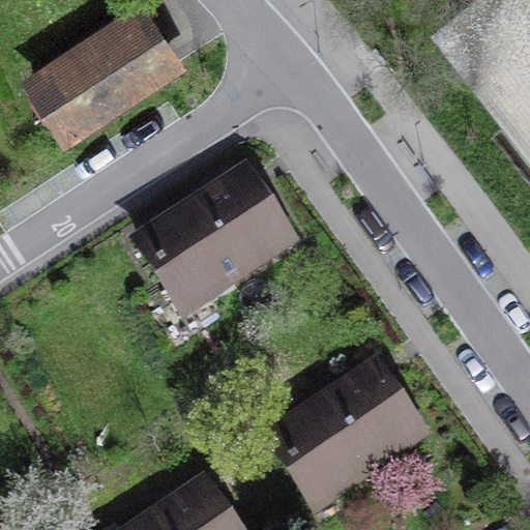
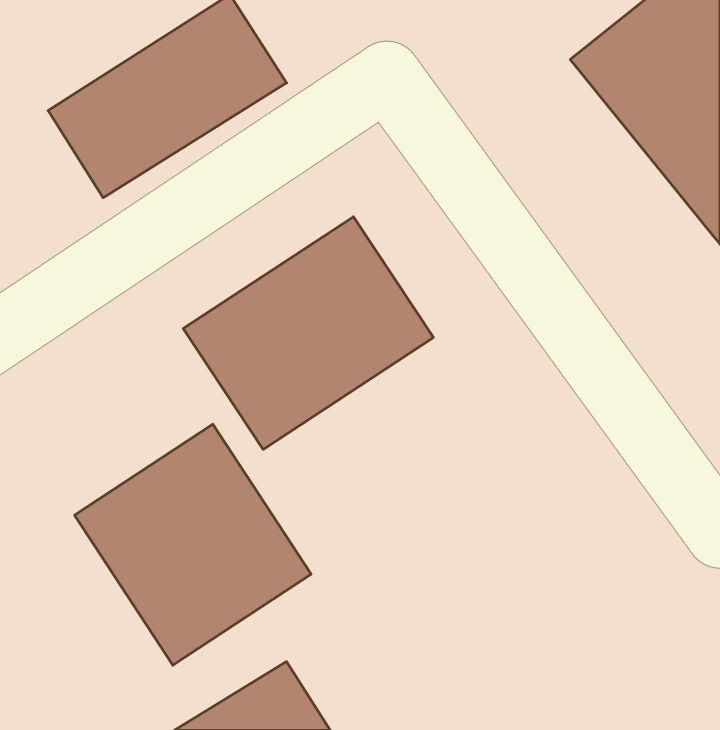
building: none -> [75,424,311,665]
building: [274,360,440,511] -> none

